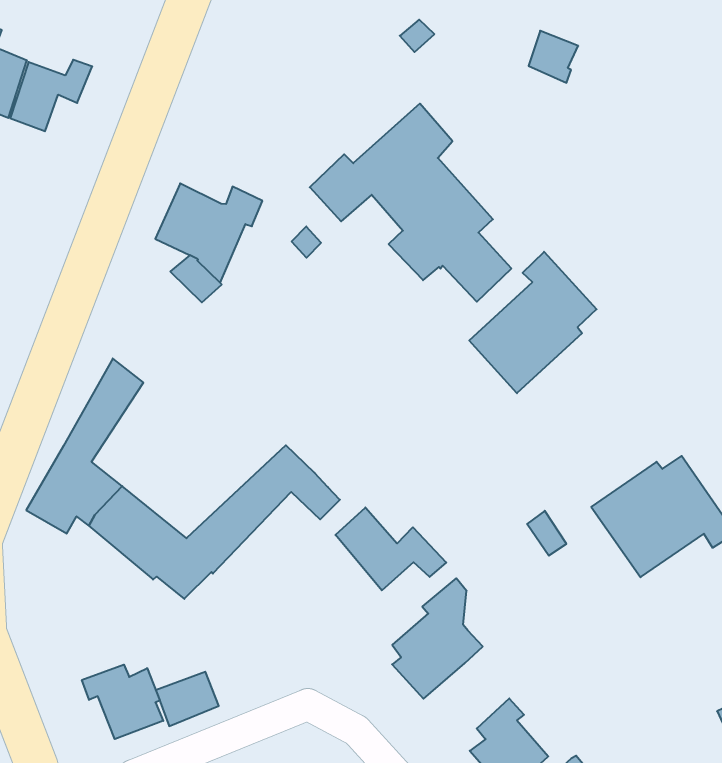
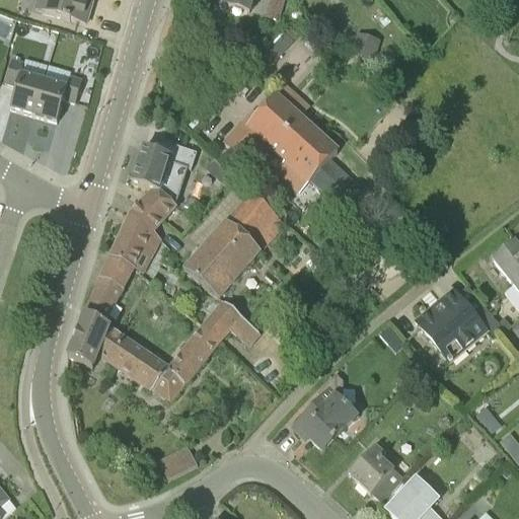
building: [469,252,597,393] -> none
building: none -> [183,190,284,297]
building: none -> [112,211,153,269]
building: [335,507,446,590] -> none
building: [82,665,163,739] -> none

